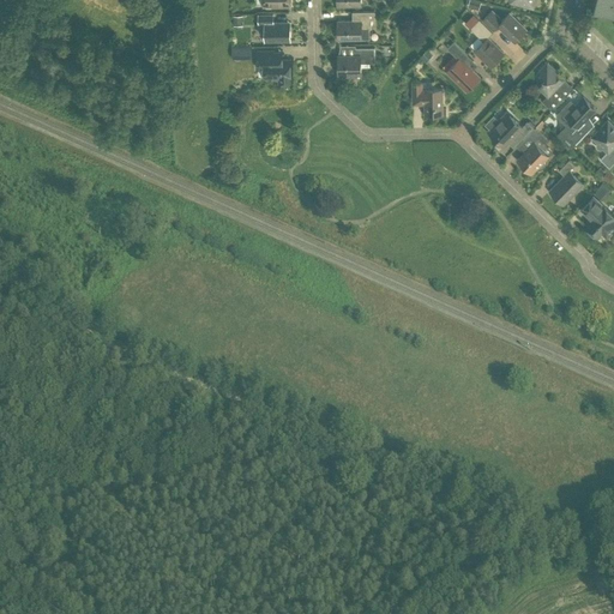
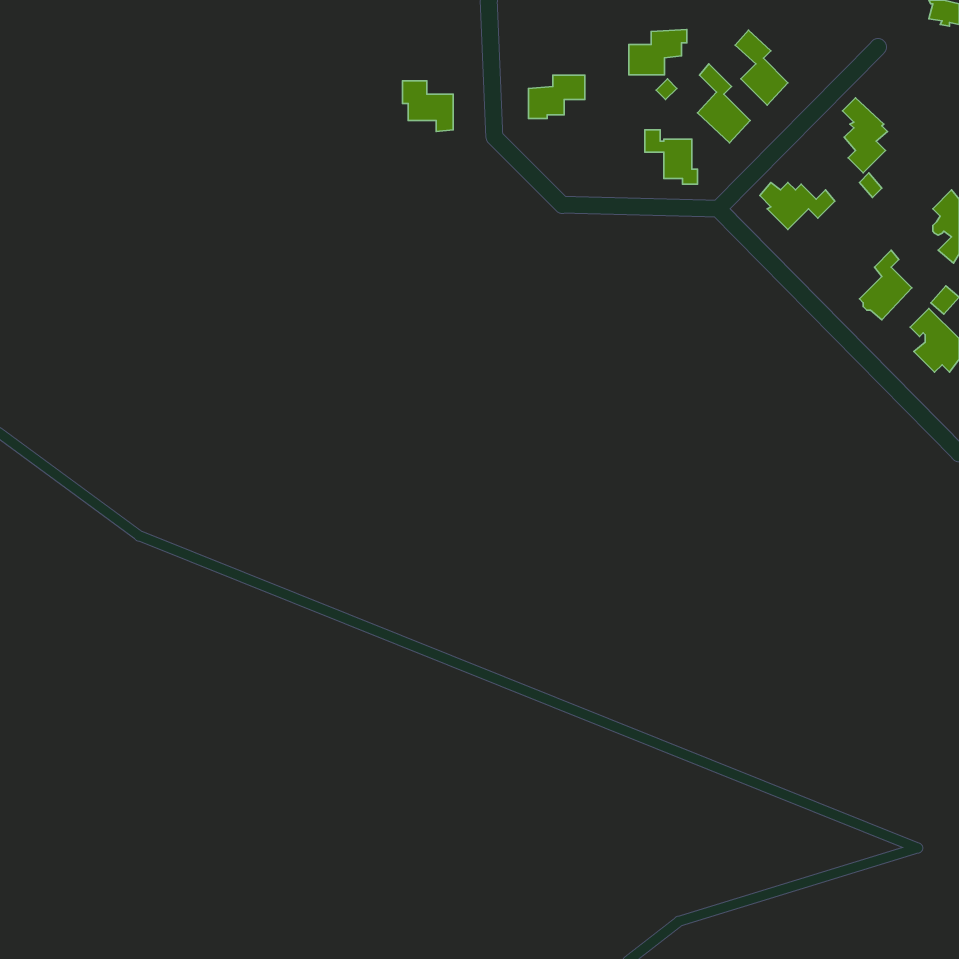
building: [337,12,374,41] -> [629,30,687,75]
building: [481,12,525,43] -> none
building: [258,16,289,42] -> none
building: [560,98,595,145] -> none
building: [516,128,548,174] -> none

